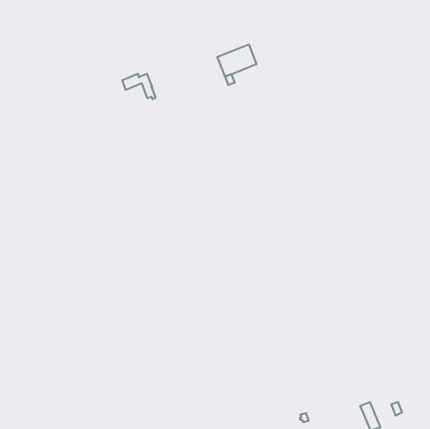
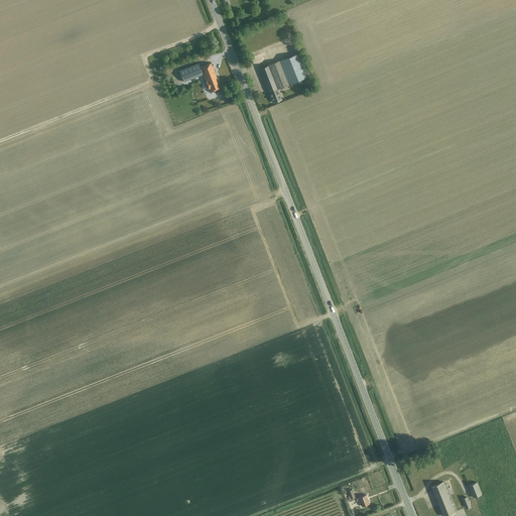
building: [122,74,156,99] -> [180,63,221,94]

